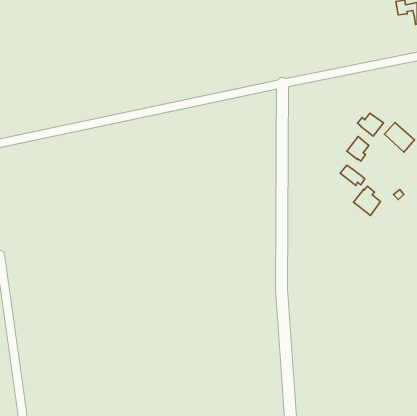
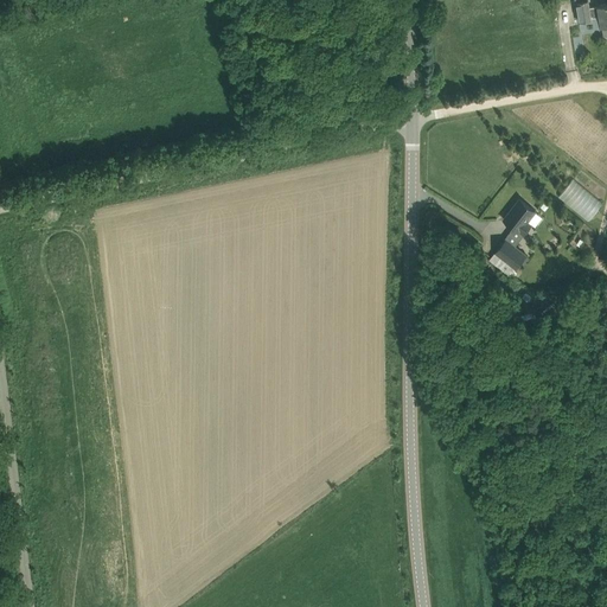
building: [357,113,383,136] -> none
building: [354,186,380,215] -> none

